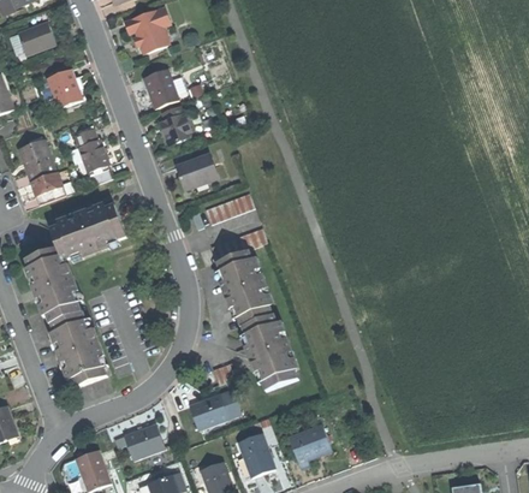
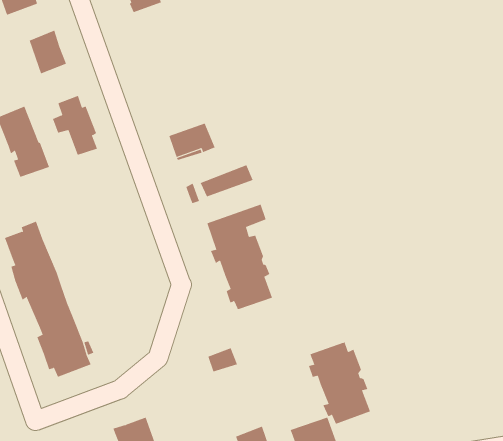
building: [143,69,178,108] -> none
building: [160,105,200,145] -> none
building: [49,204,125,261] -> none
building: [239,314,297,391] -> [308,341,371,425]
building: [189,390,242,430] -> none

